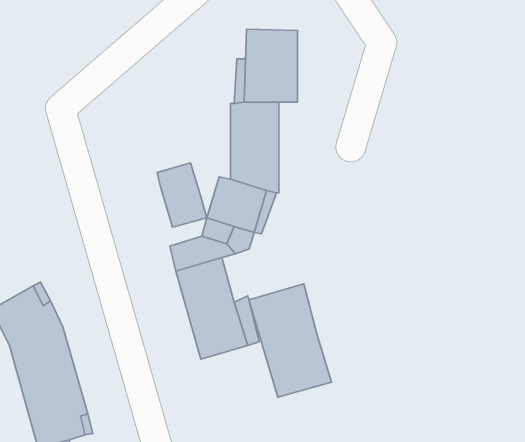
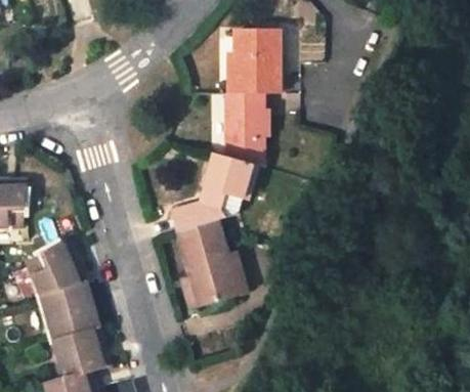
building: [157,163,207,227] -> none
building: [249,284,332,397] -> none

